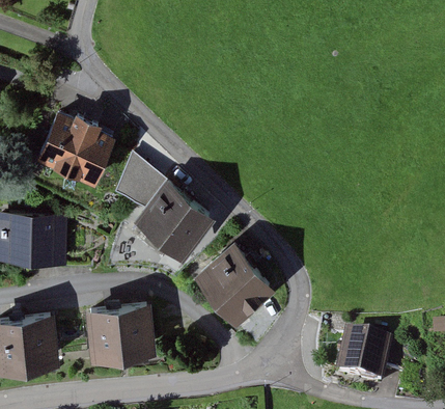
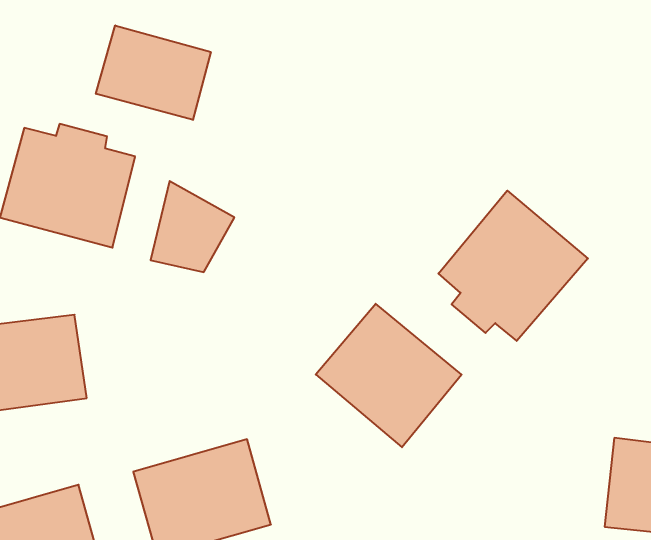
building: none -> [96,25,211,120]
building: [132,175,213,254] -> none
building: none -> [438,191,588,341]

